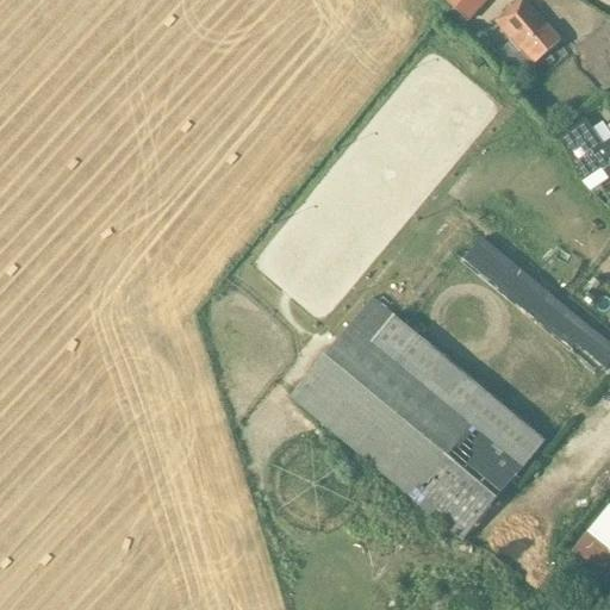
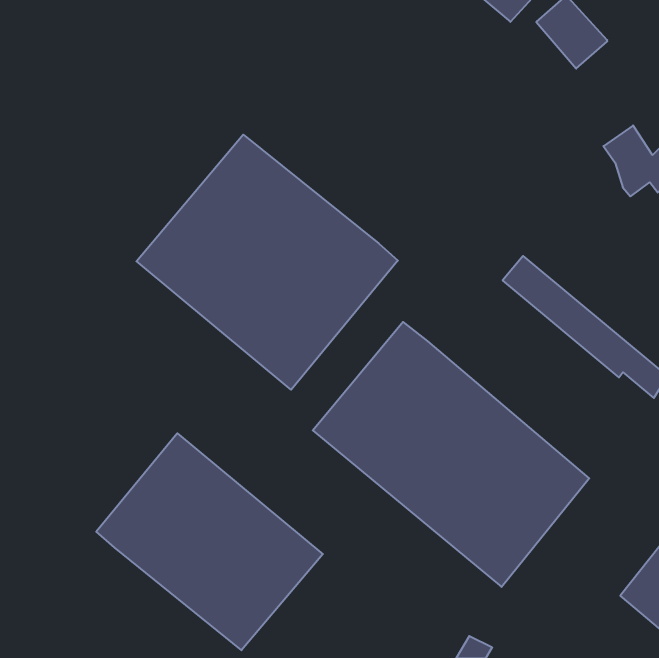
building: none -> [136,135,398,390]
building: none -> [96,433,323,650]

